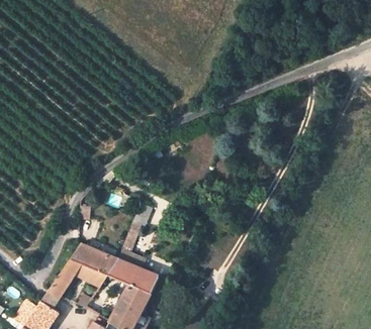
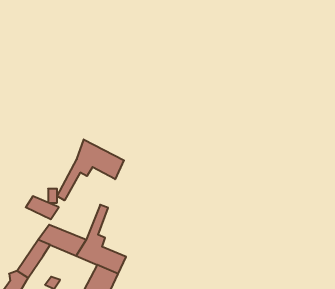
building: none -> [57,139,124,200]
building: [75,263,108,287] -> [26,196,59,219]

